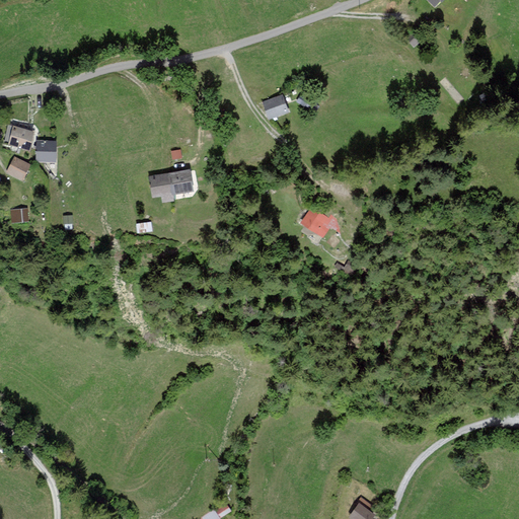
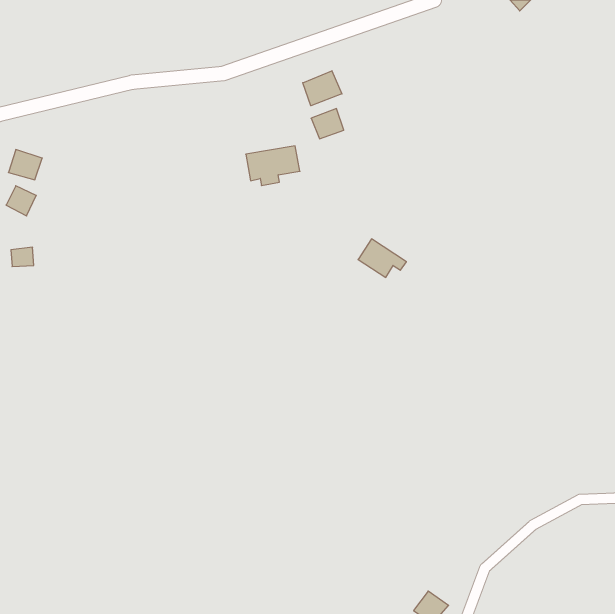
building: none -> [303,71,342,106]
building: [34,141,56,163] -> none
building: [149,163,195,197] -> [246,146,300,186]

